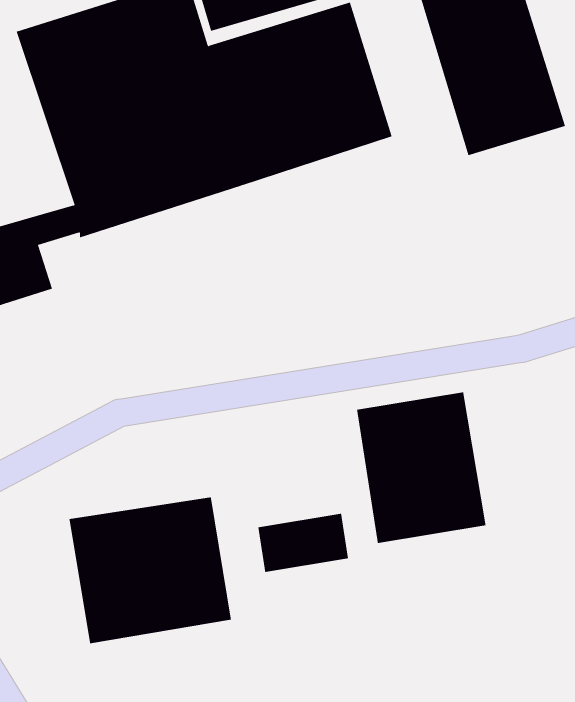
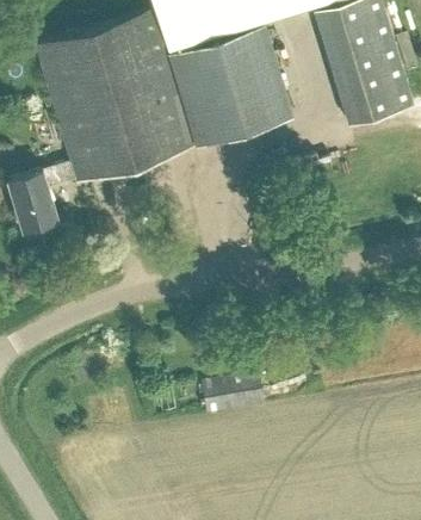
building: [356,392,486,544] -> none
building: [69,497,231,644] -> none

